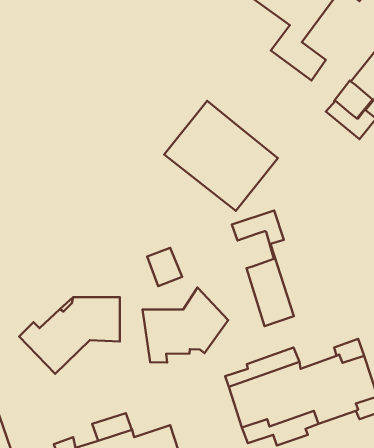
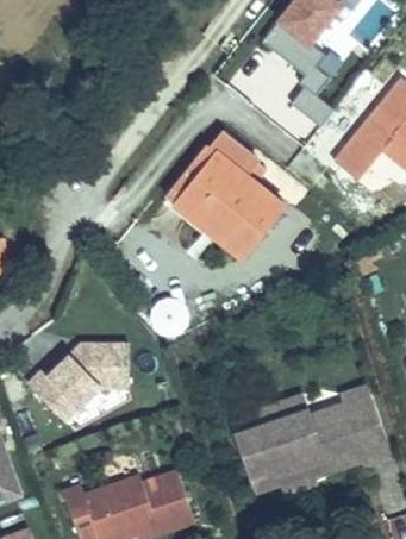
building: none -> [168,131,258,202]
building: [232,211,294,326] -> none
building: [143,287,228,363] -> none

